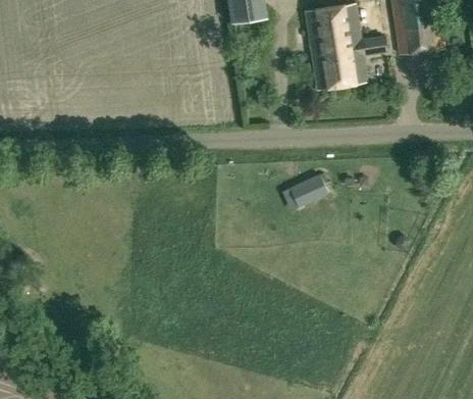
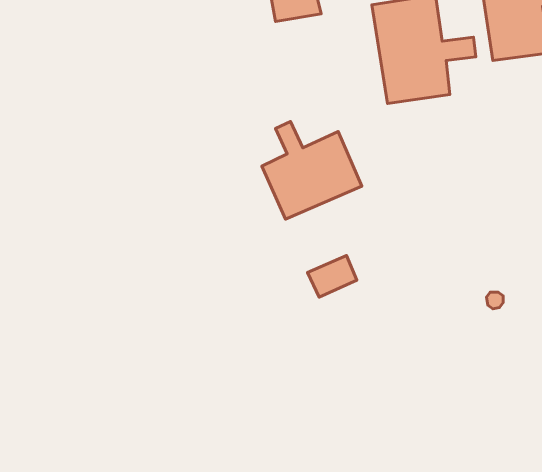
building: none -> [262,122,362,219]
building: [286,174,325,207] -> [307,256,357,297]

